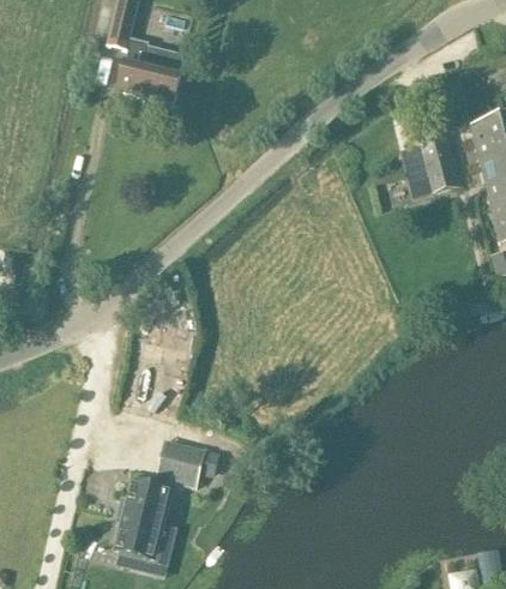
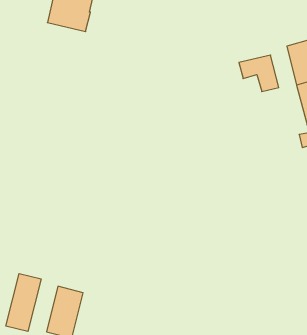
building: [157,440,203,485] -> none
building: none -> [6,274,41,331]

